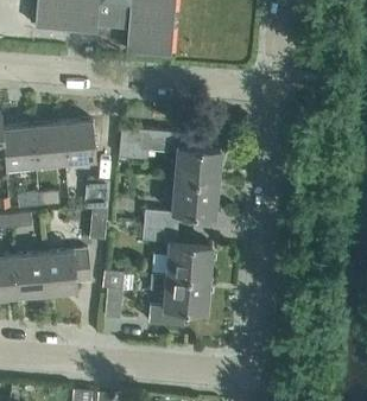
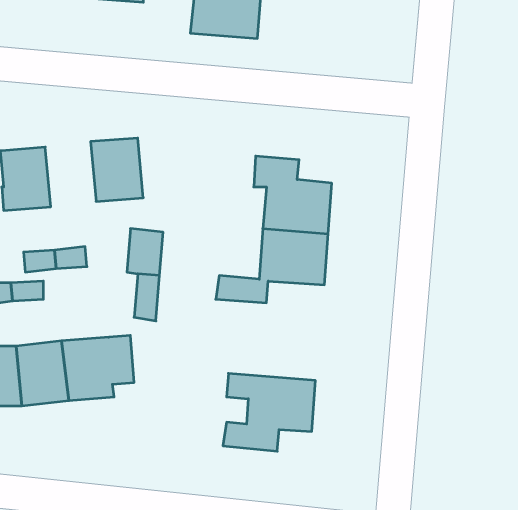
building: [32,122,65,165] -> none
building: [119,127,170,159] -> none
building: [143,225,211,279] -> none
building: [103,270,125,318] -> none

